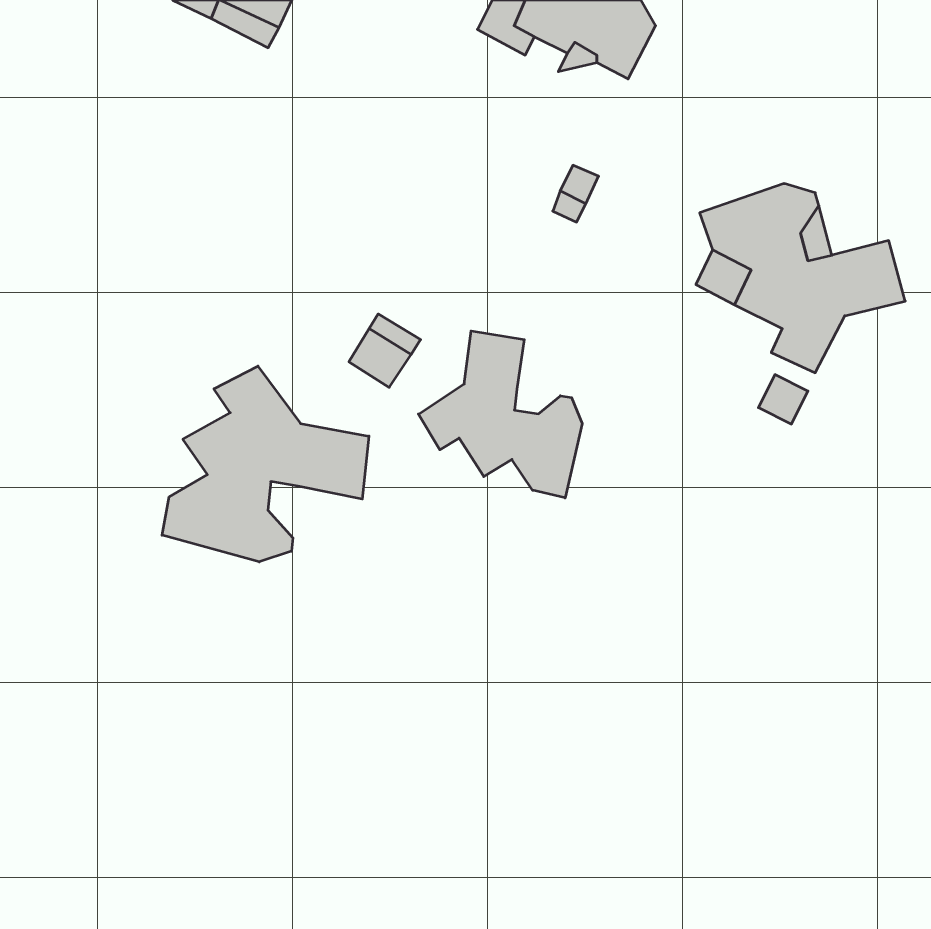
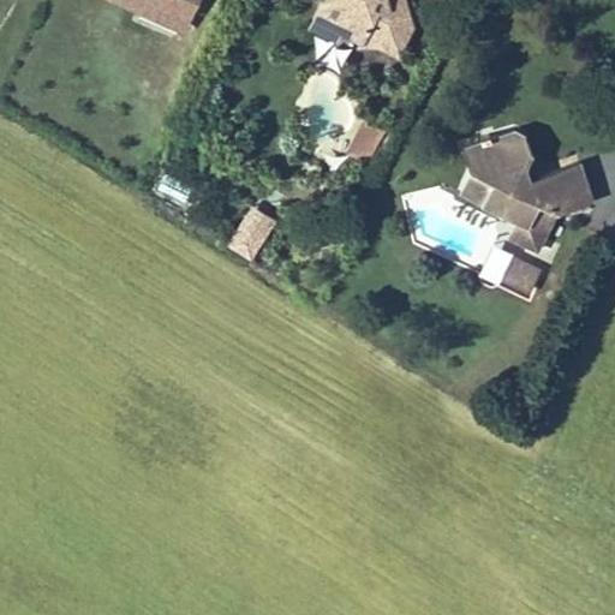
building: [418,331,582,498] -> none
building: [162,366,369,562] -> none

